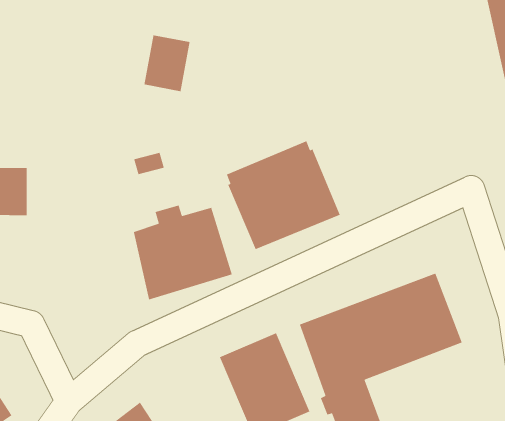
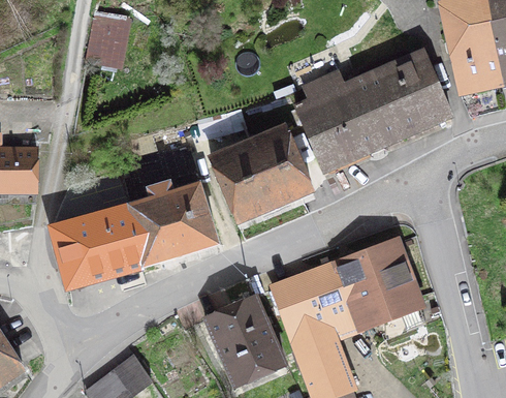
building: [144,35,190,92] -> [86,14,127,65]
building: none -> [295,52,451,171]
building: none -> [52,207,143,286]

